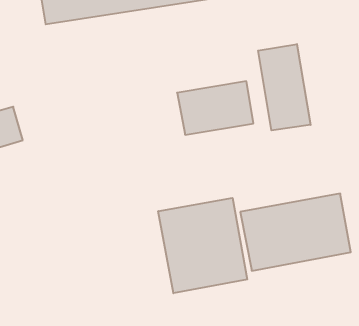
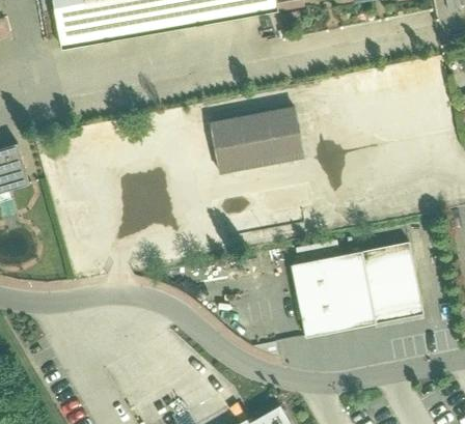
building: [258,44,311,130] -> none
building: [158,198,247,293] -> none

